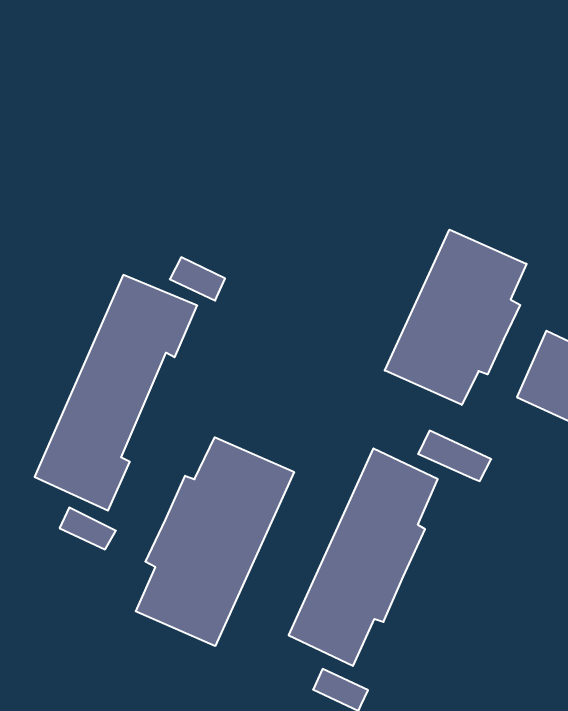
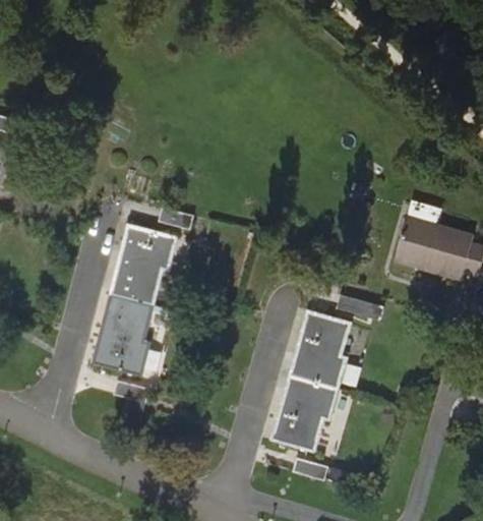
building: [385,230,527,405] -> none
building: [136,437,294,646] -> none

